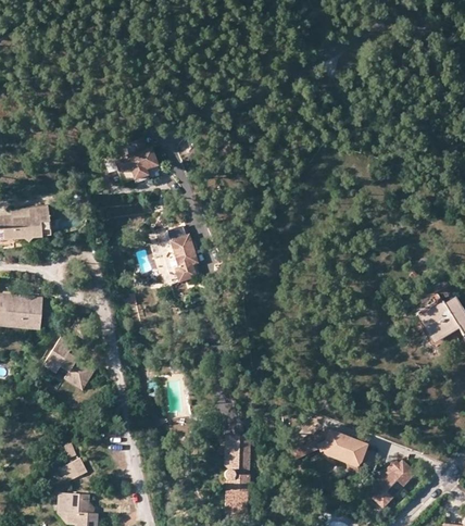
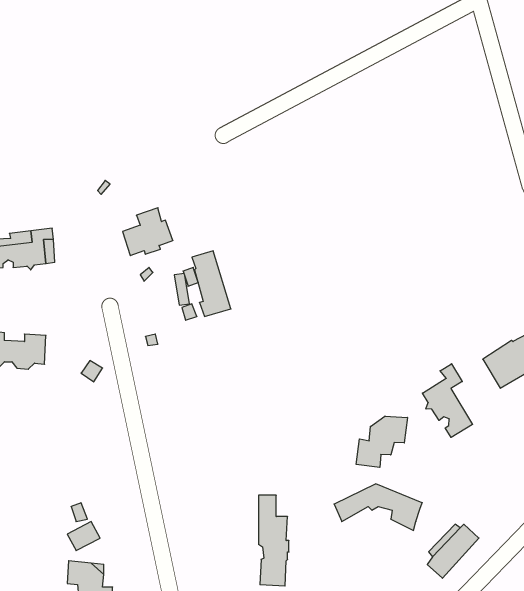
building: [115,139,159,180] -> [123,208,173,256]
building: none -> [422,364,473,437]
building: [43,337,92,386] -> none
building: none -> [356,416,407,467]

